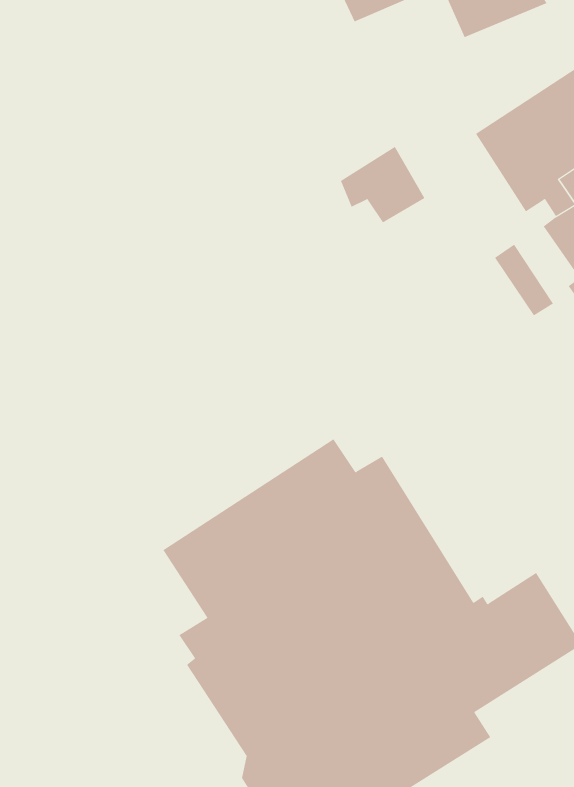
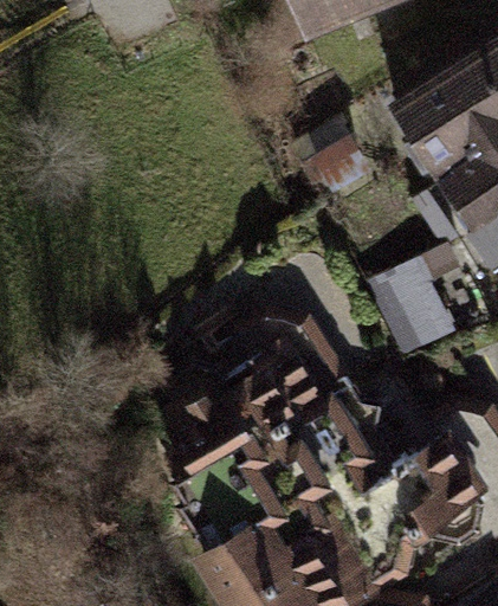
building: none -> [376,263,458,350]

